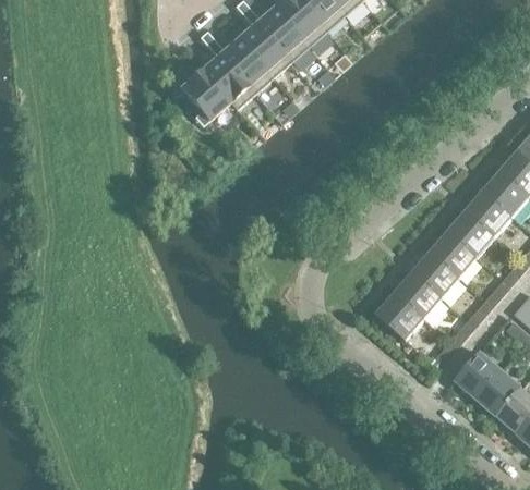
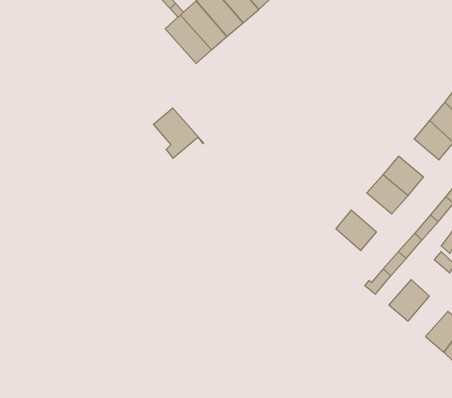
building: [181,68,238,124] -> [153,108,204,158]
building: [467,192,513,235] -> none
building: [413,253,459,297] -> none
building: [377,293,424,339] -> none
building: [478,369,522,415] -> none

